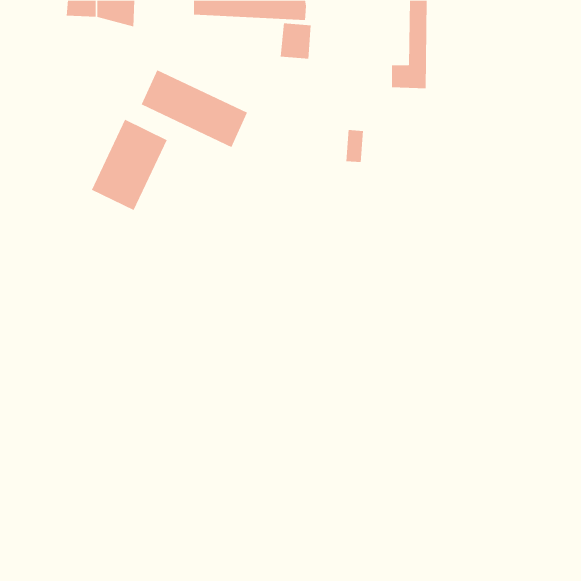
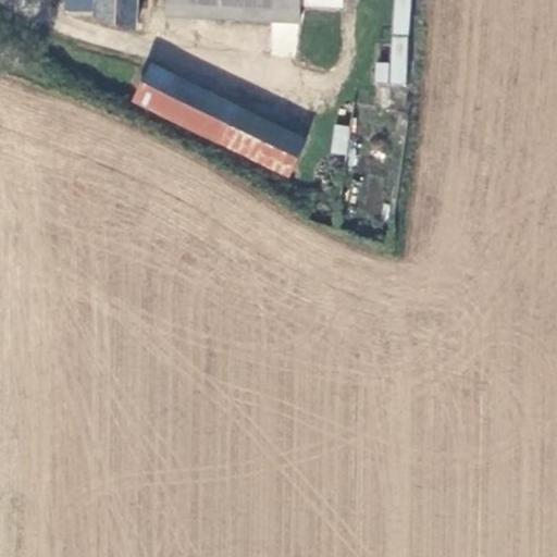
building: none -> [222,108,305,174]
building: [91,119,168,211] -> none

